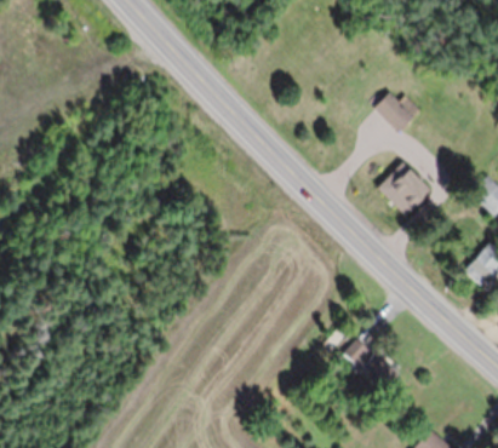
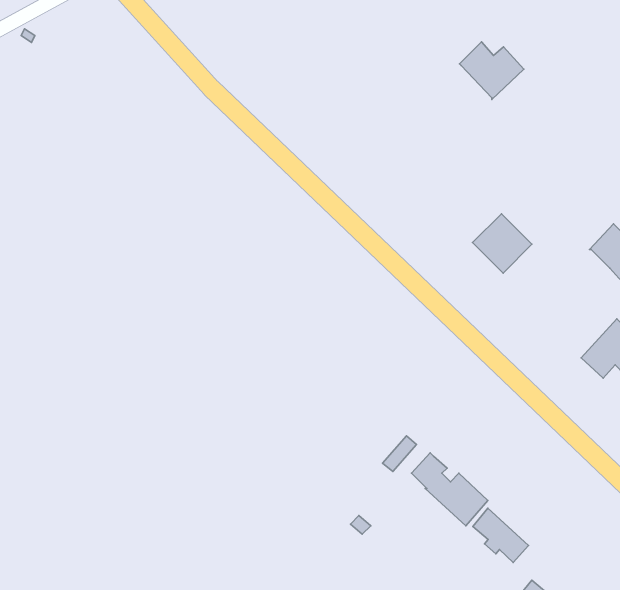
building: [374,92,420,133] -> [459,42,524,100]
building: none -> [473,508,528,562]

